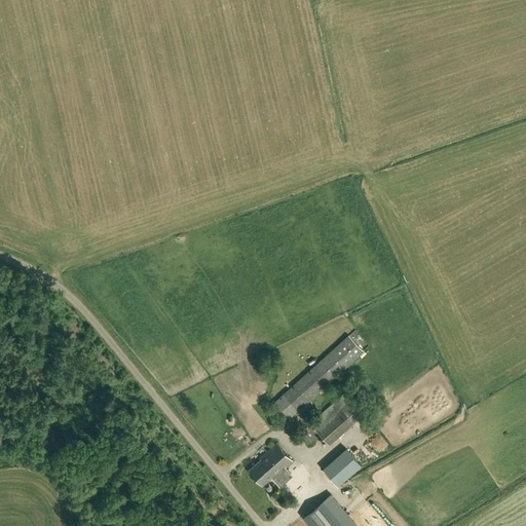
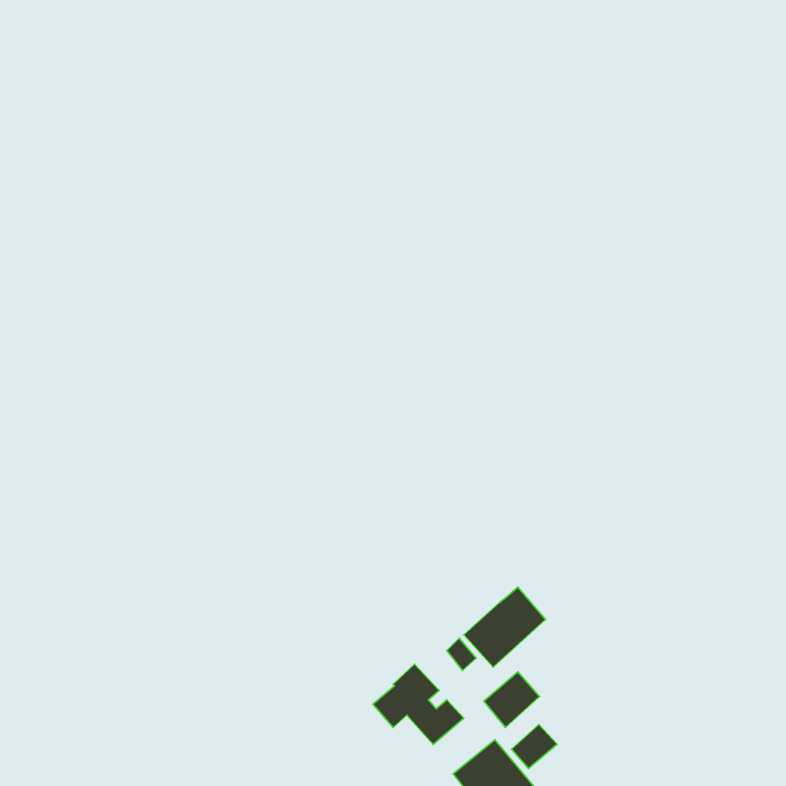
building: [271,337,363,422] -> none
building: none -> [511,725,557,768]

